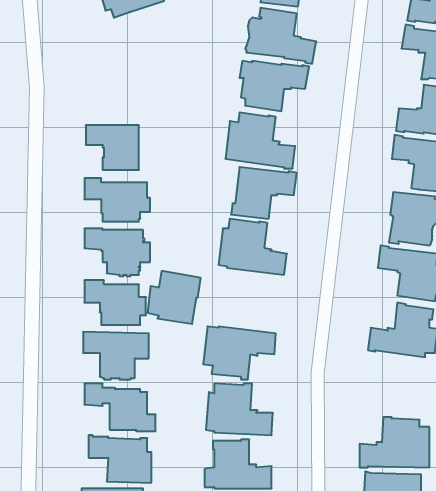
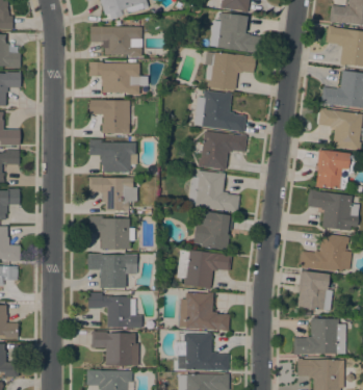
building: none -> [89,26,141,56]
building: none -> [88,60,148,95]
building: [148,271,201,324] -> [193,211,233,251]
building: none -> [297,270,333,311]

